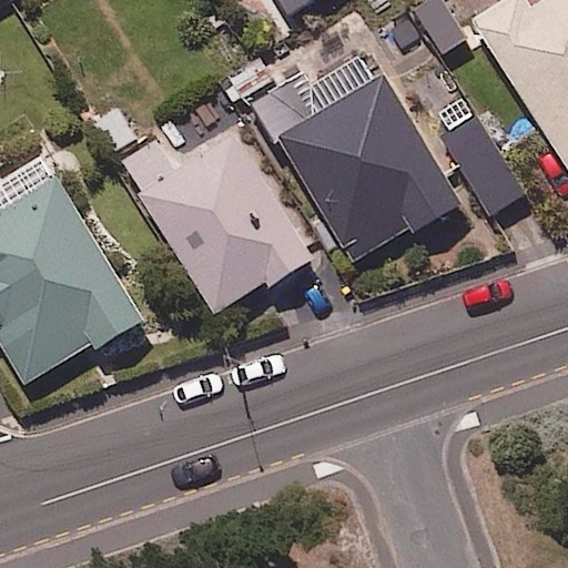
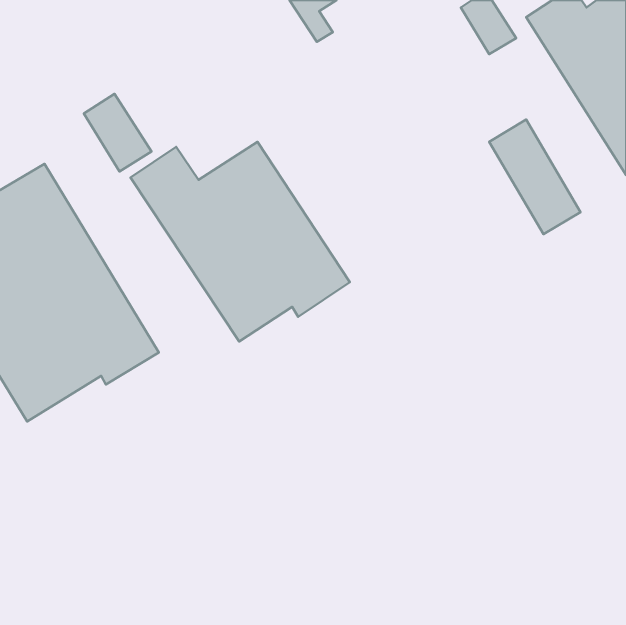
building: [253,55,463,261] -> none

